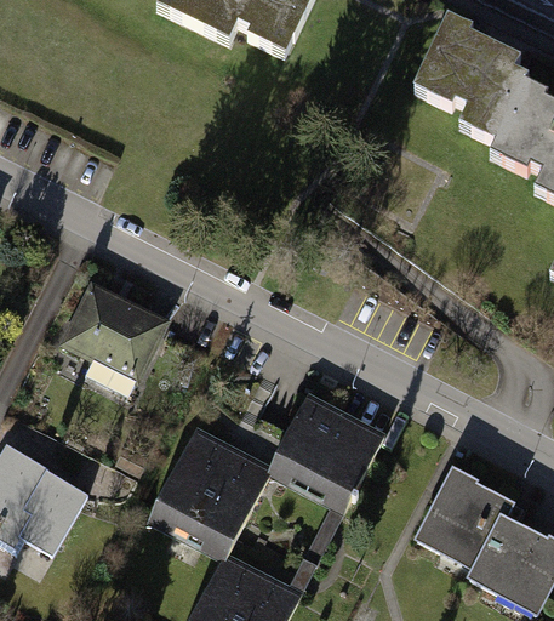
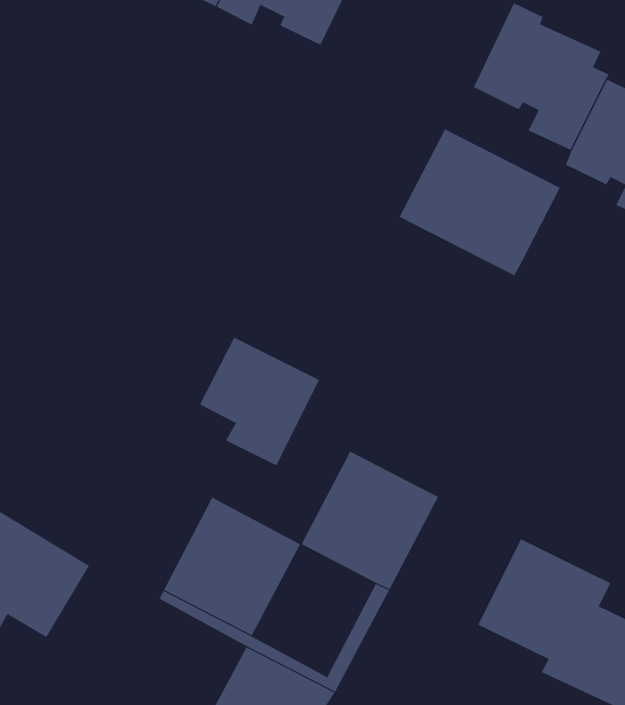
building: none -> [399,128,560,276]
building: [63,284,165,393] -> [199,337,320,466]

